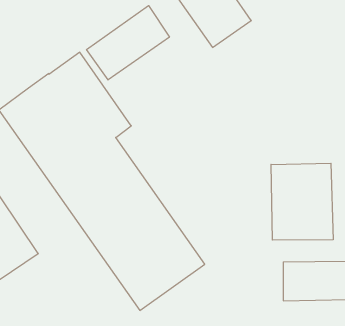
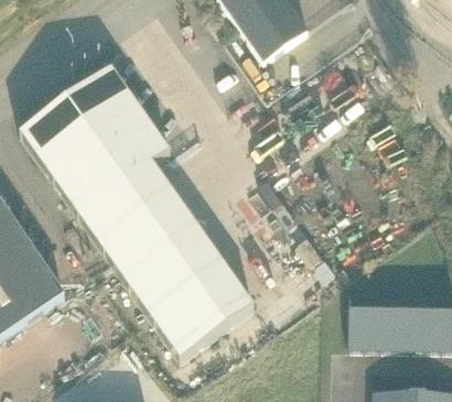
building: [87,6,169,80] -> none
building: [271,163,333,240] -> none

